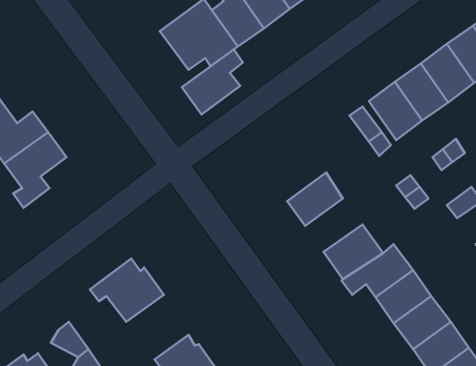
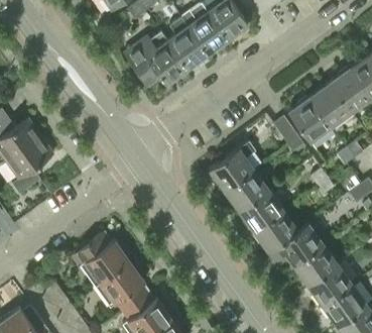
building: [182,49,243,114] -> [210,139,257,190]
building: none -> [239,188,283,229]
building: none -> [100,262,148,313]

